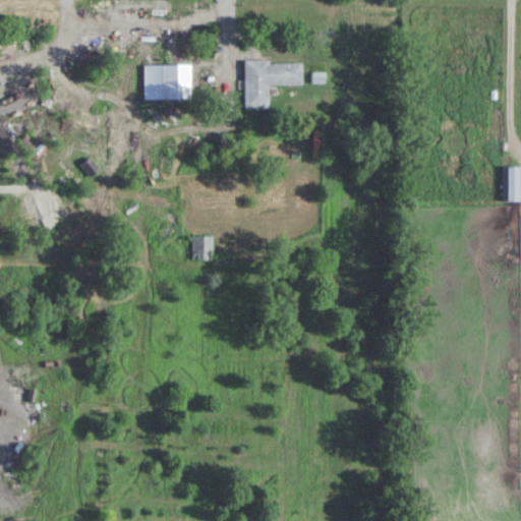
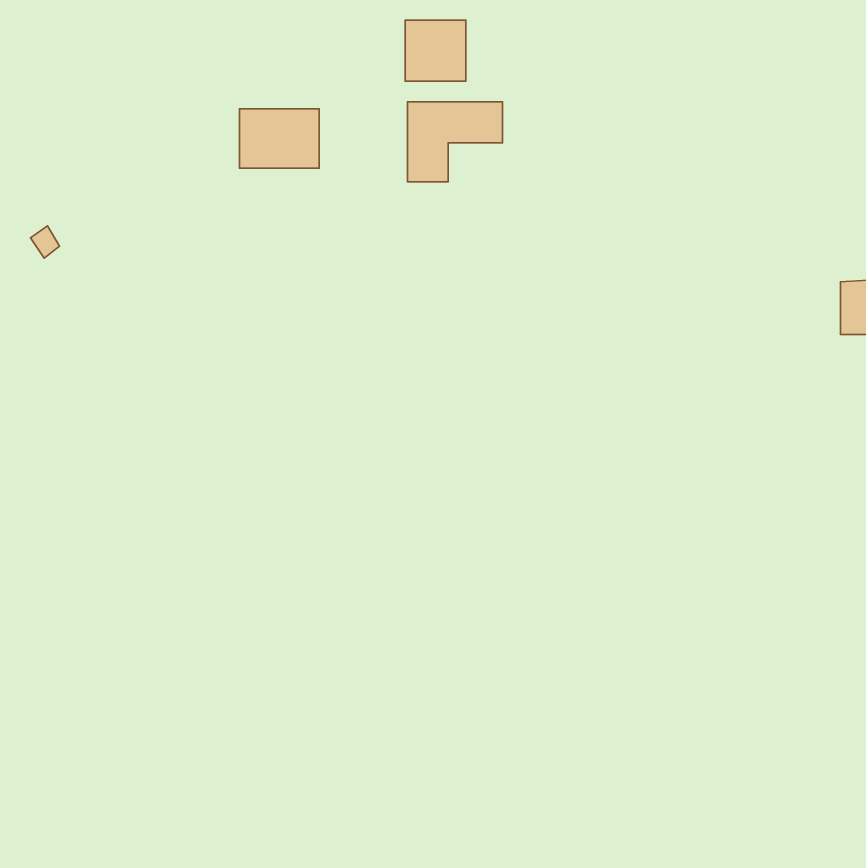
building: none -> [405,20,466,81]
building: [191,234,213,257] -> none

